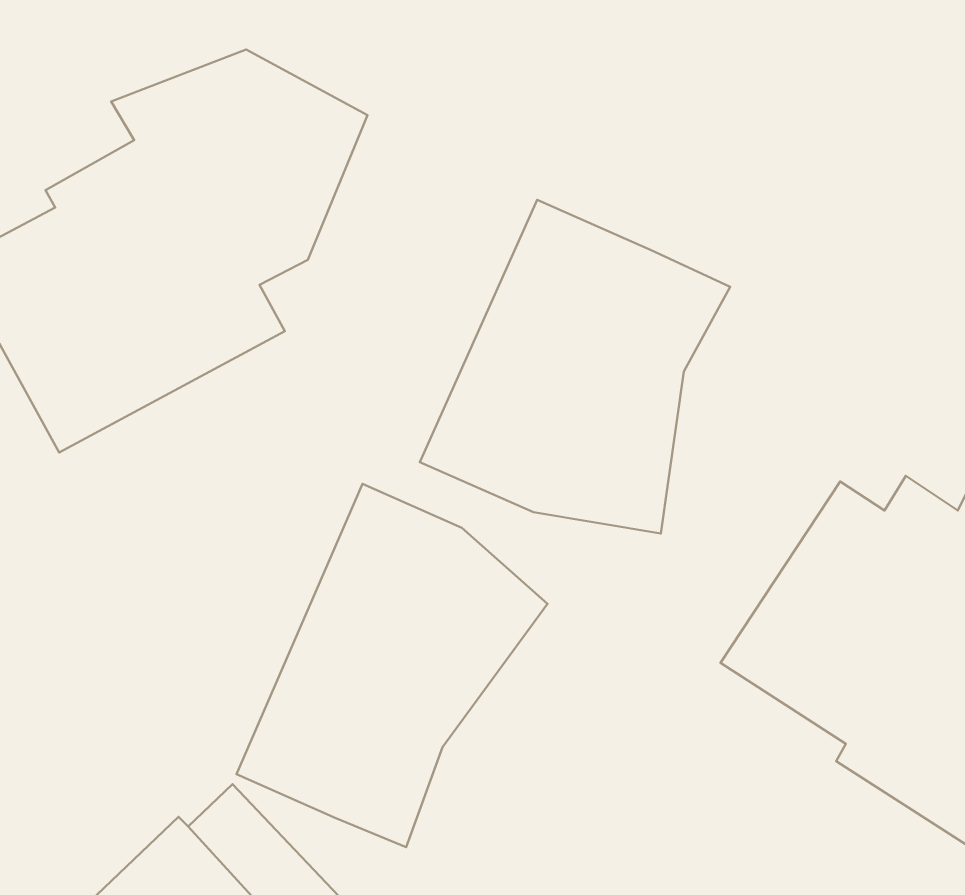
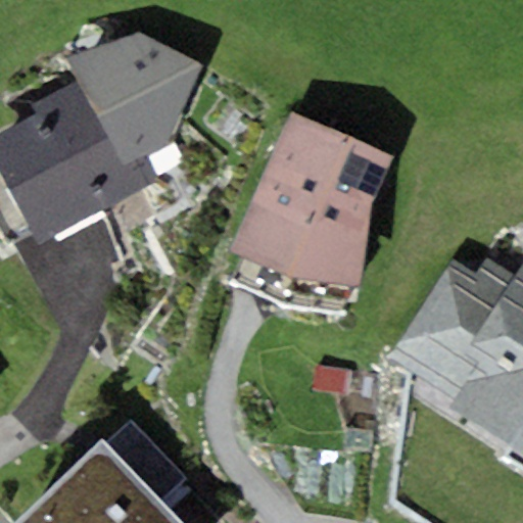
building: [236,484,548,847] -> none

